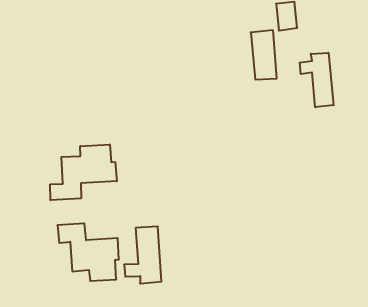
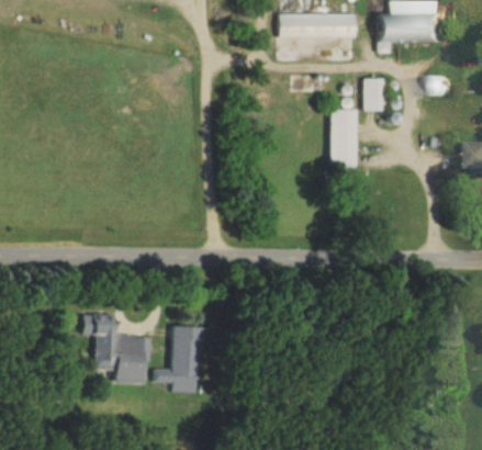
building: [300,53,334,107] -> none
building: [50,144,117,200] -> none

